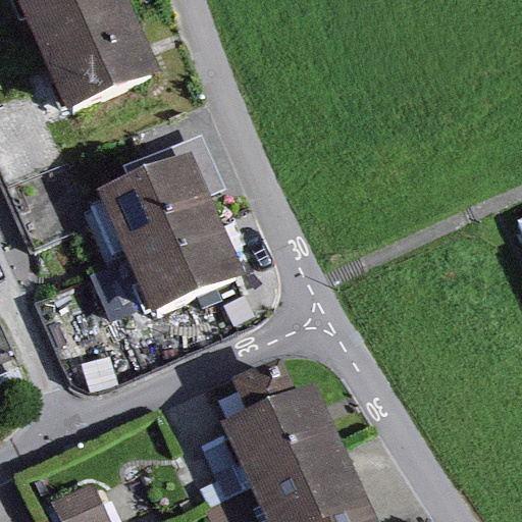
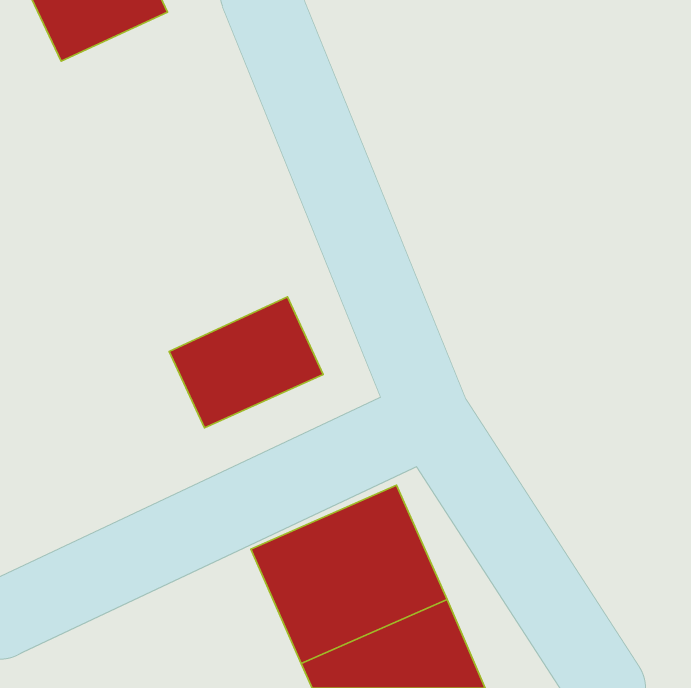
building: [50,9,157,106] -> none
building: [104,164,219,263] -> none

